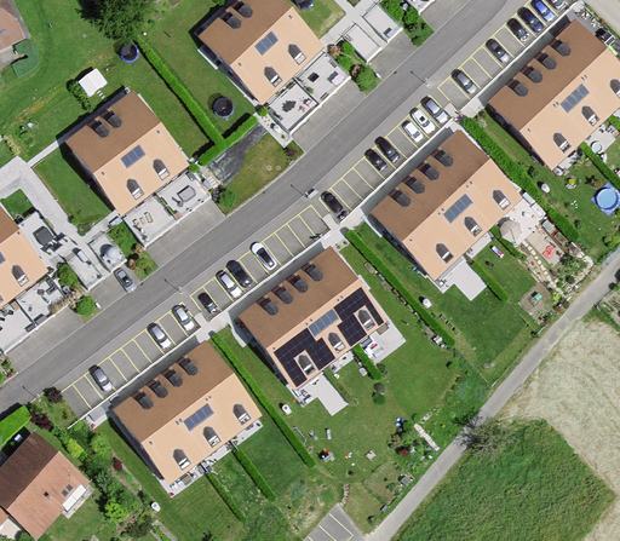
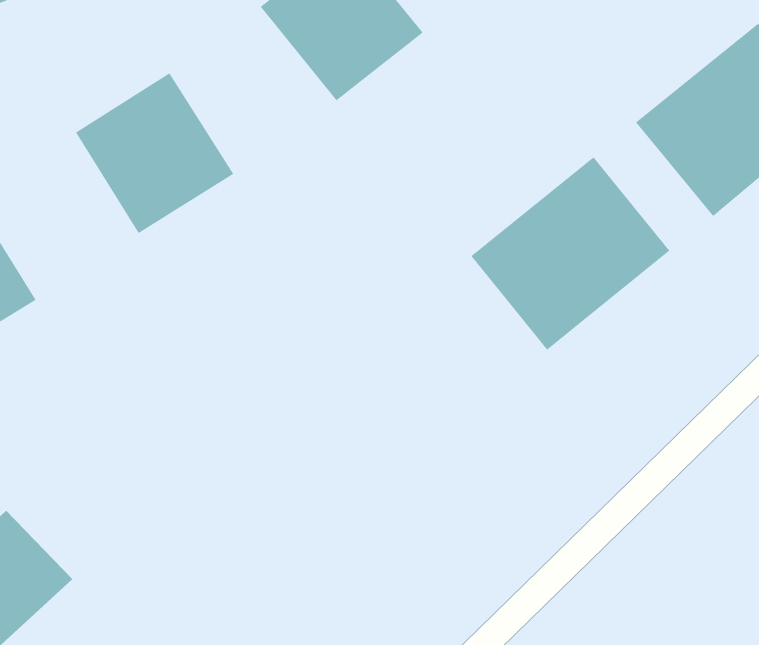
building: [239,246,385,387] -> none
building: [113,340,260,482] -> none

